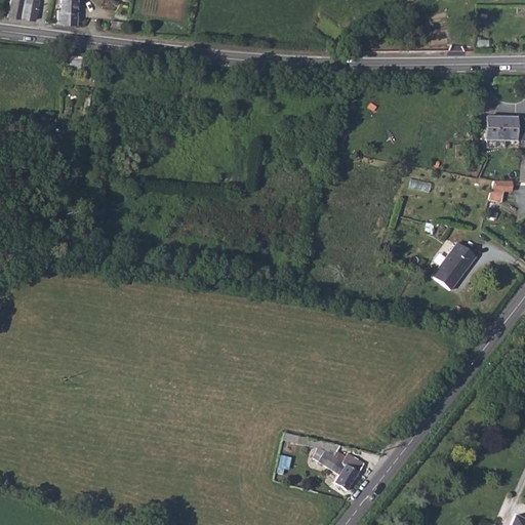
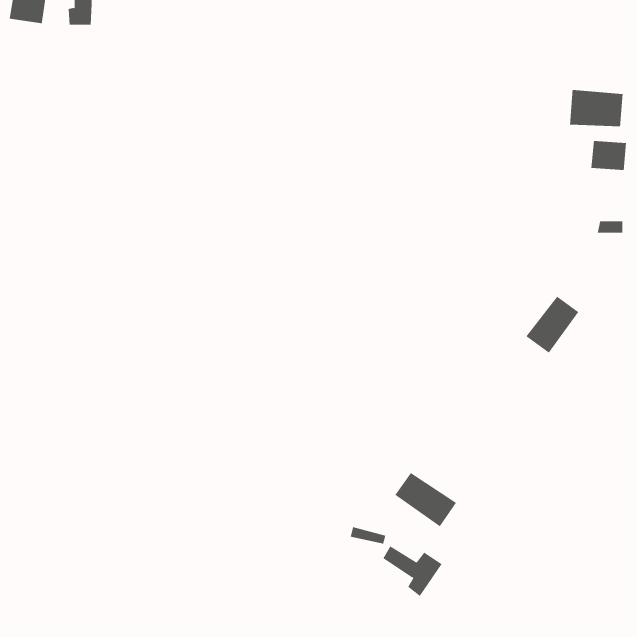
building: none -> [570,89,623,127]
building: none -> [394,472,457,527]

